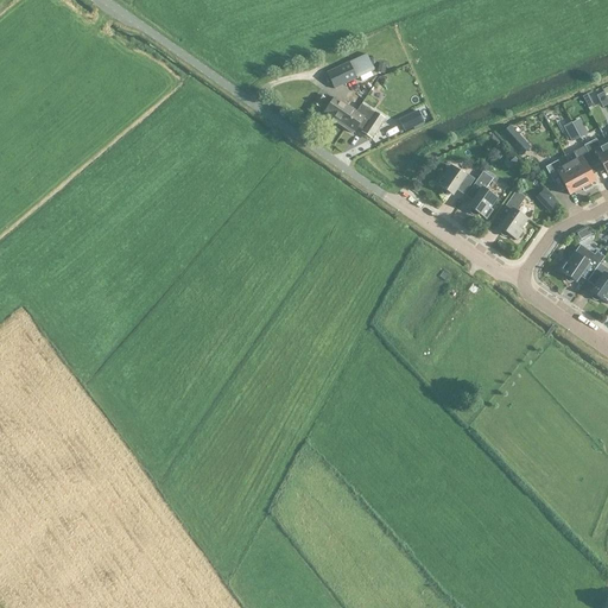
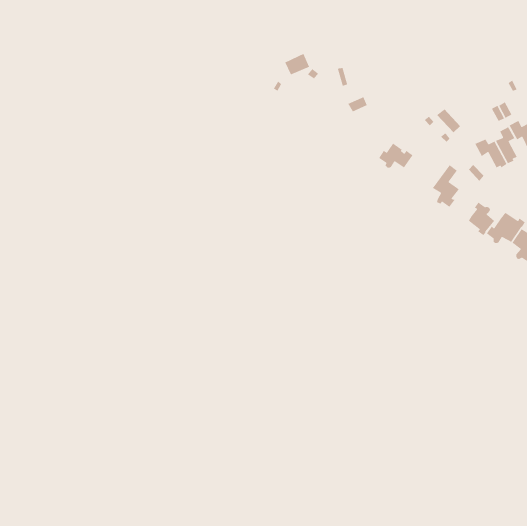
building: [327,96,386,137] -> none
building: [467,170,499,217] -> none
building: none -> [468,202,495,236]

